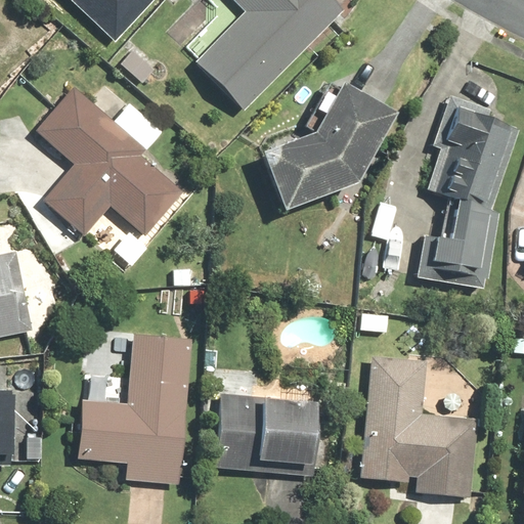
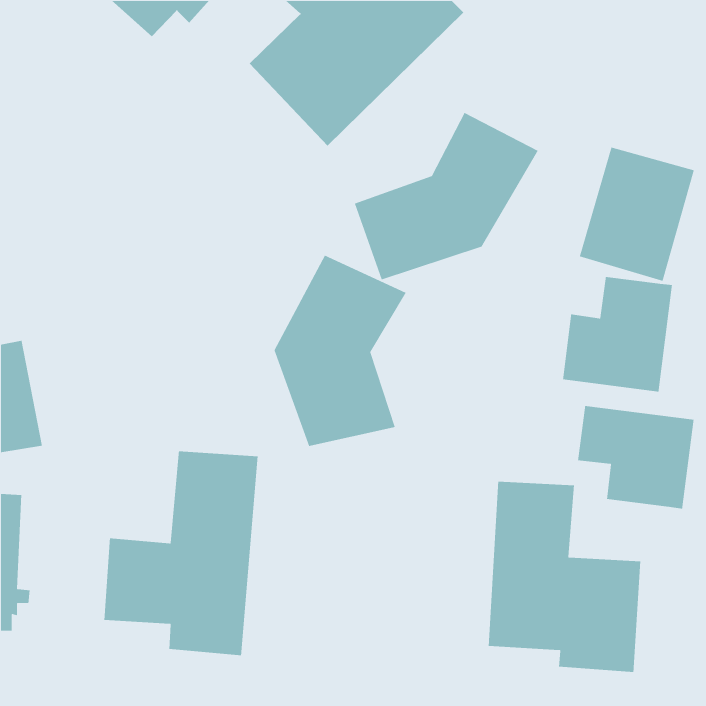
building: [36,87,180,235] -> none
building: none -> [274,255,407,447]
building: none -> [577,405,694,510]
building: [219,396,319,472] -> none

